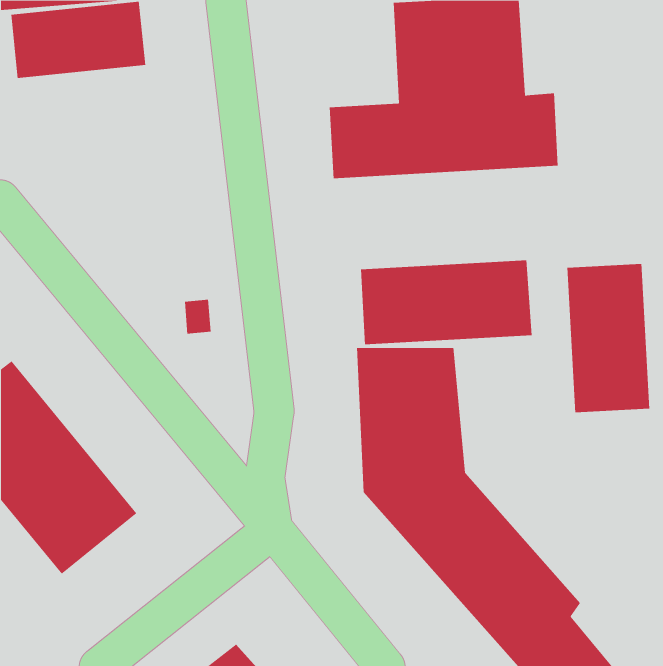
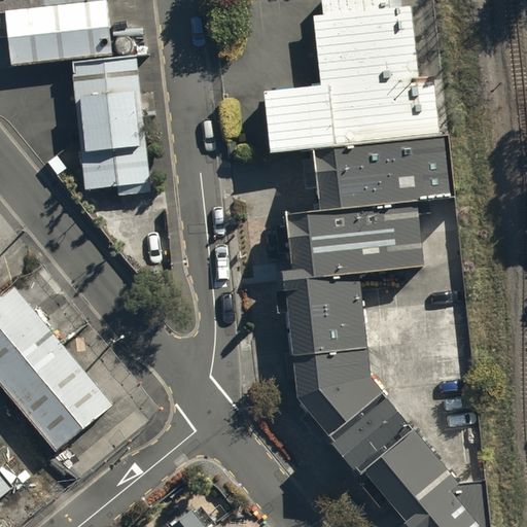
building: none -> [73,58,146,195]
building: none -> [309,136,445,211]
building: [567,263,650,413] -> none

